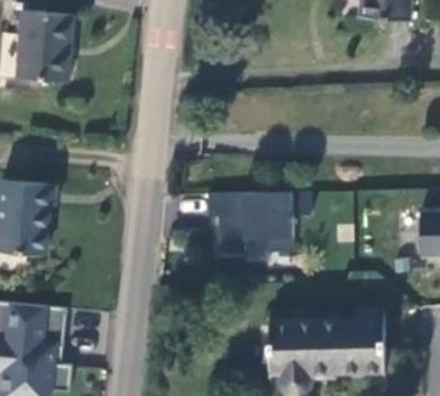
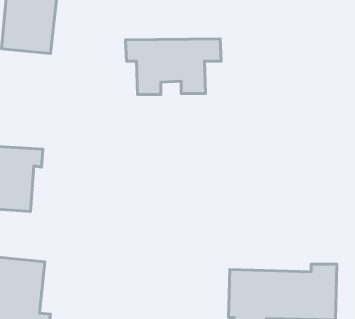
building: [199,193,304,254] -> [125,39,221,95]

